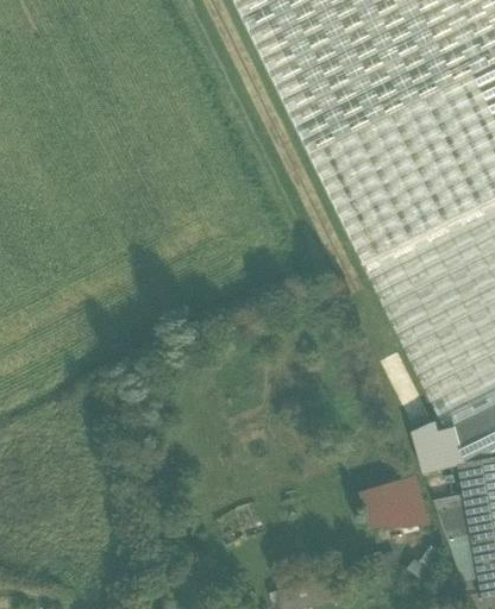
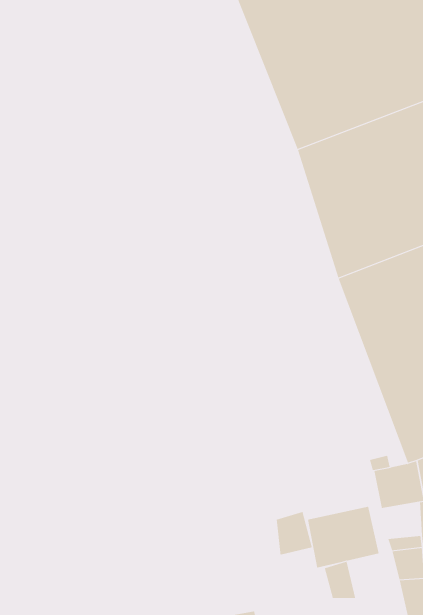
building: none -> [276,511,313,555]
building: none -> [324,561,356,599]

